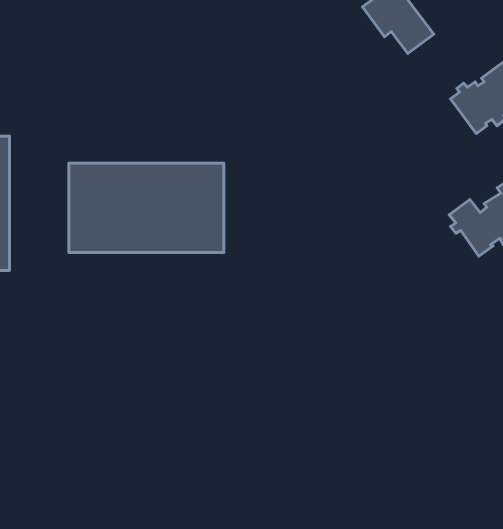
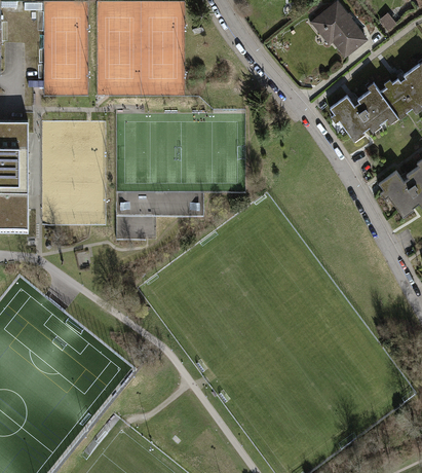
building: none -> [330,82,398,141]
building: [69,163,224,252] -> none

